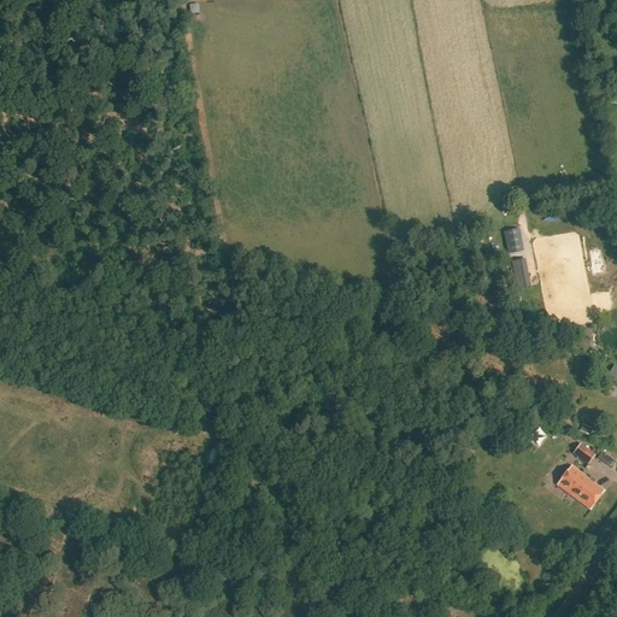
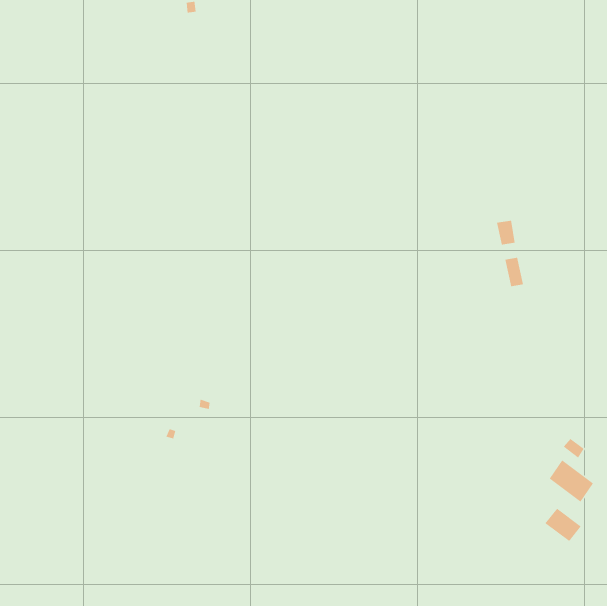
building: none -> [545,508,581,542]

